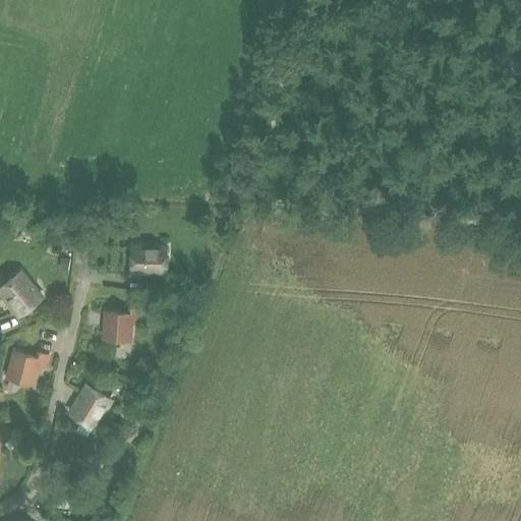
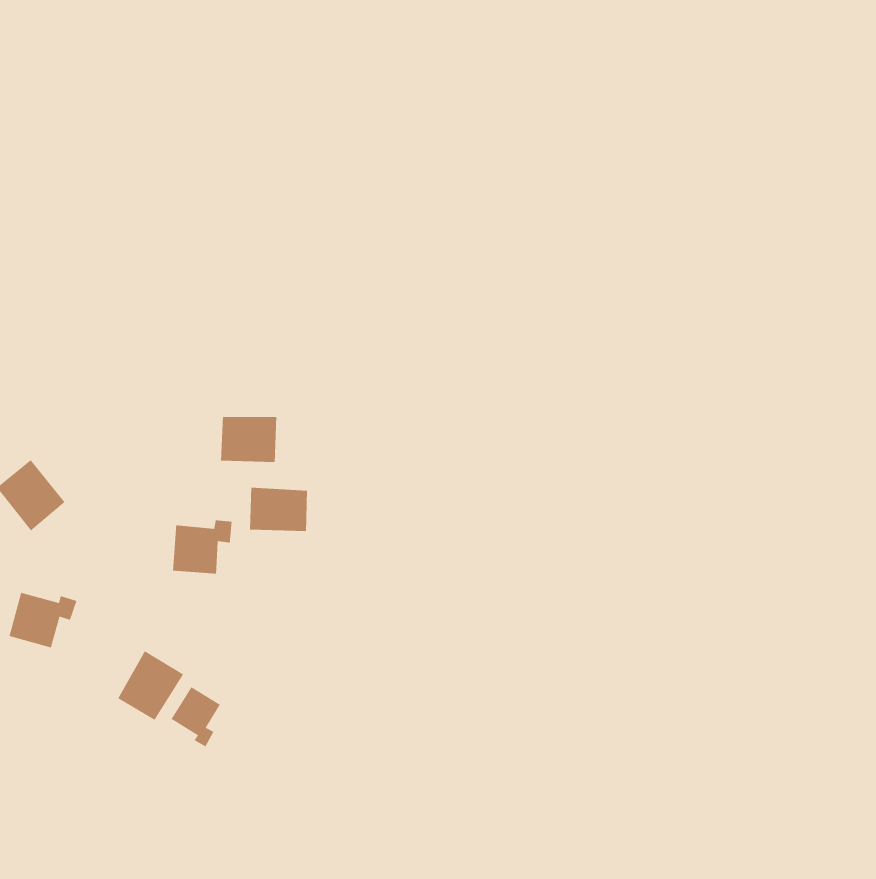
building: none -> [249,487,308,532]
building: none -> [171,686,221,747]

